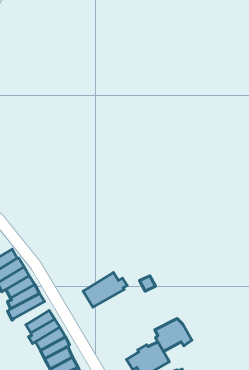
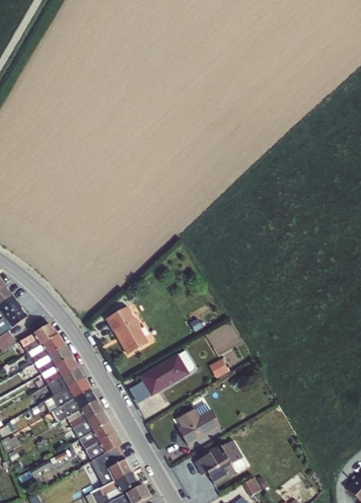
building: none -> [105,305,148,354]
building: none -> [52,388,96,421]
building: [155,318,192,351] -> [176,404,223,445]

